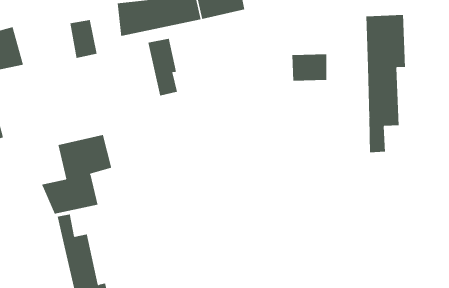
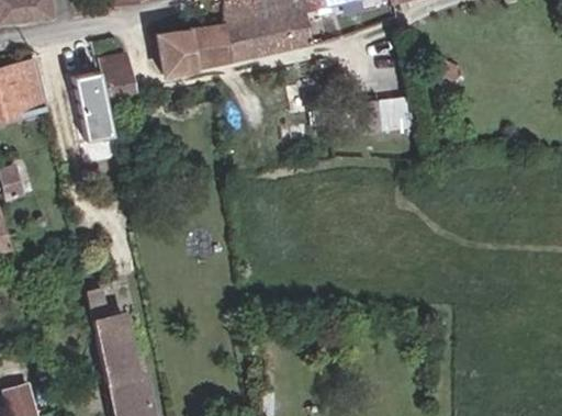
building: [366,14,406,153] -> none
building: [148,38,178,96] -> [72,67,109,137]
building: [41,134,112,214] -> none

